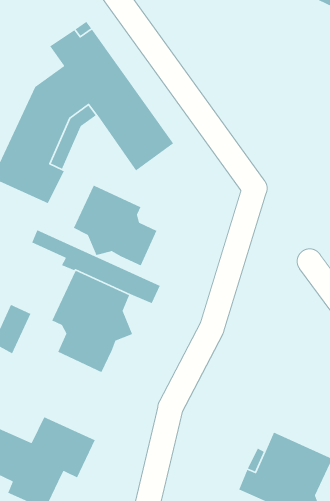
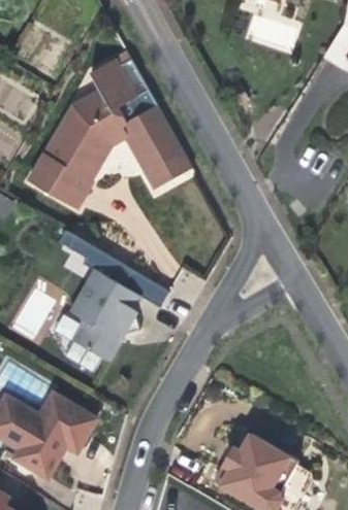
building: [73,185,158,266] -> none

